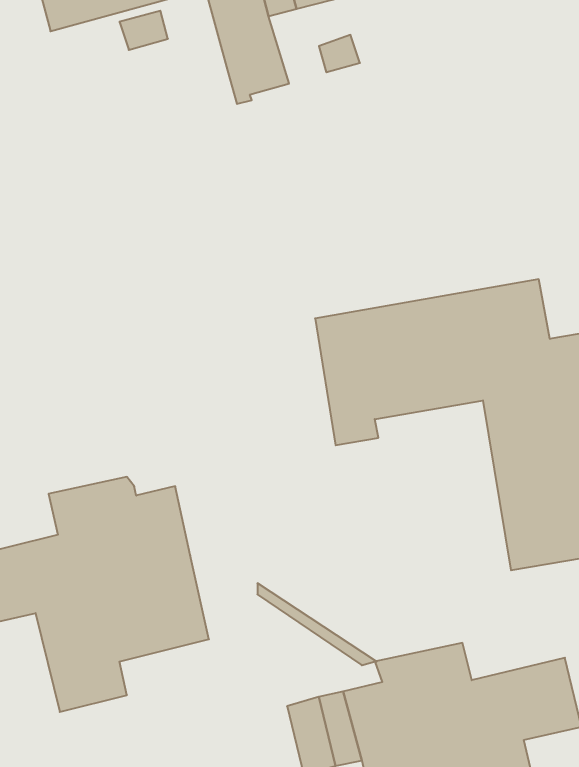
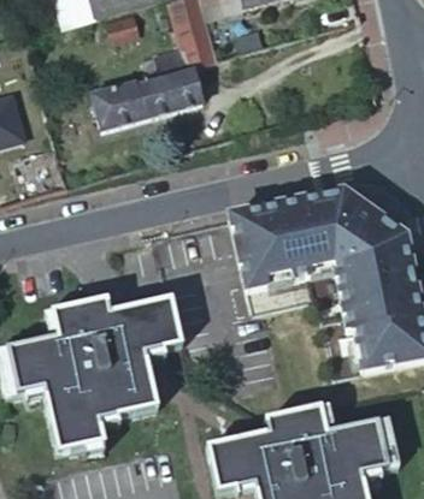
building: none -> [89,48,199,129]
building: none -> [141,308,187,361]

